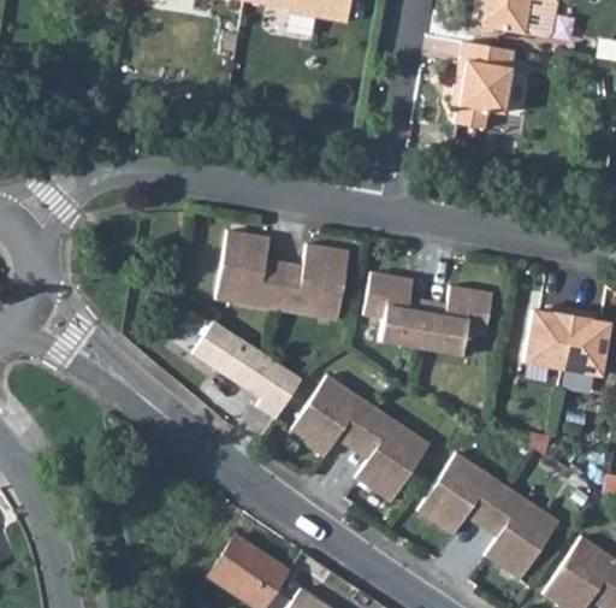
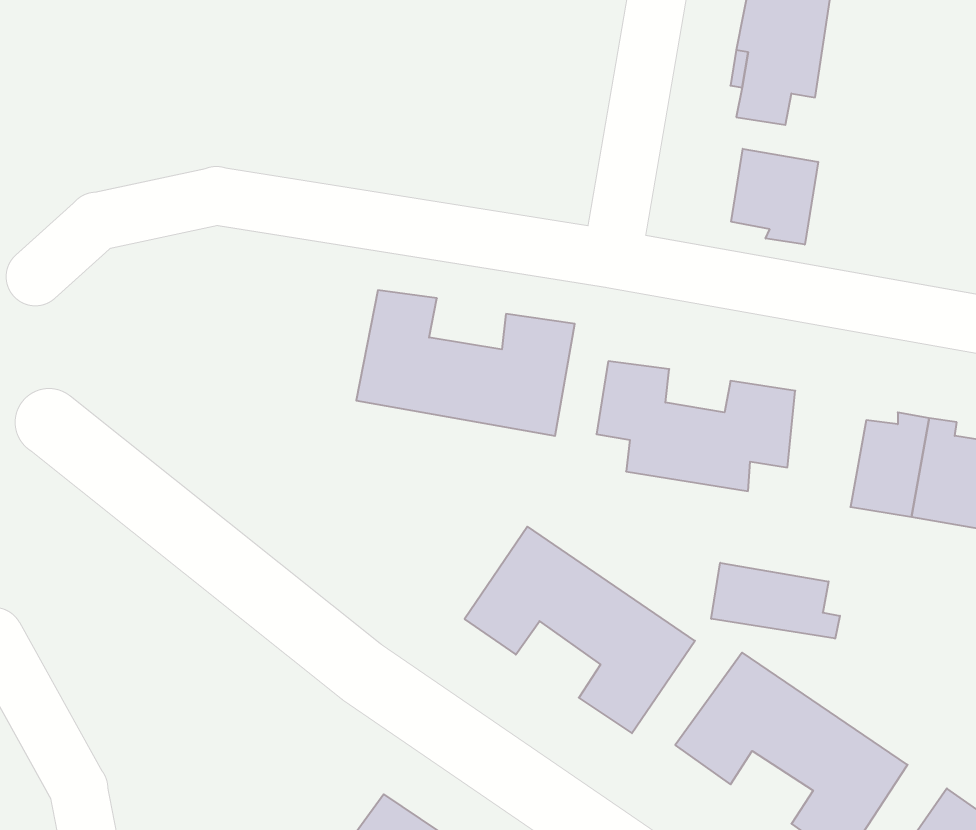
building: none -> [731,149,818,245]
building: [194,319,302,419] -> none
building: none -> [711,563,840,639]

